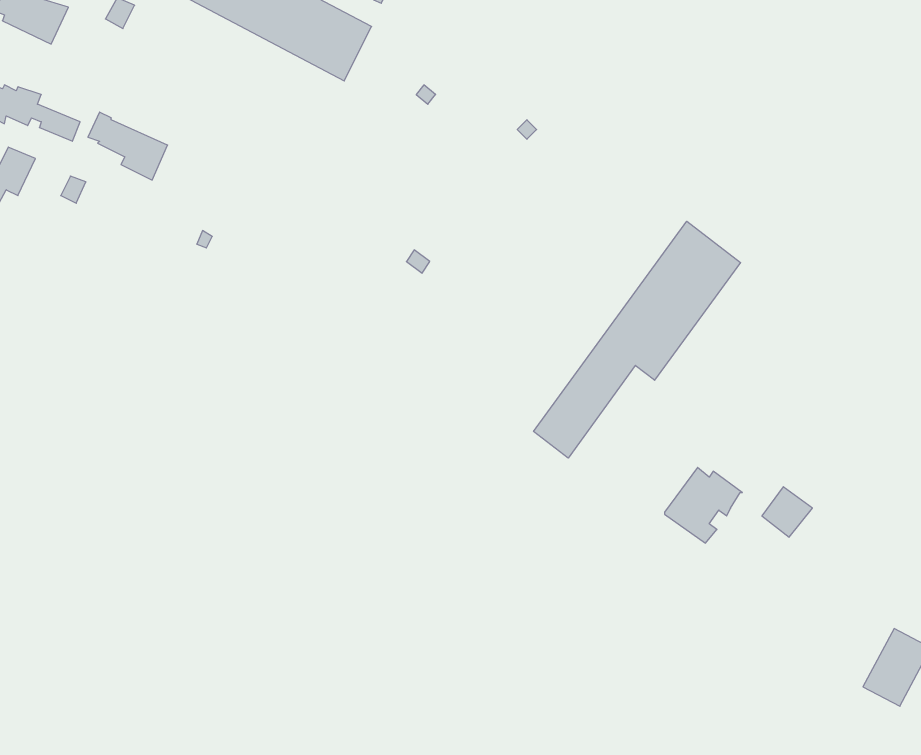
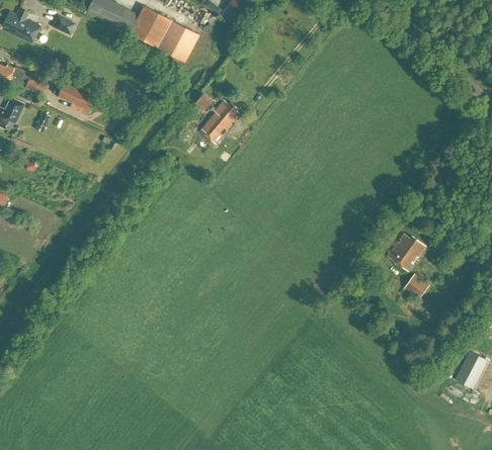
building: none -> [200,100,239,143]
building: [534,221,741,458] -> none
building: [665,467,742,543] -> [386,234,426,273]

